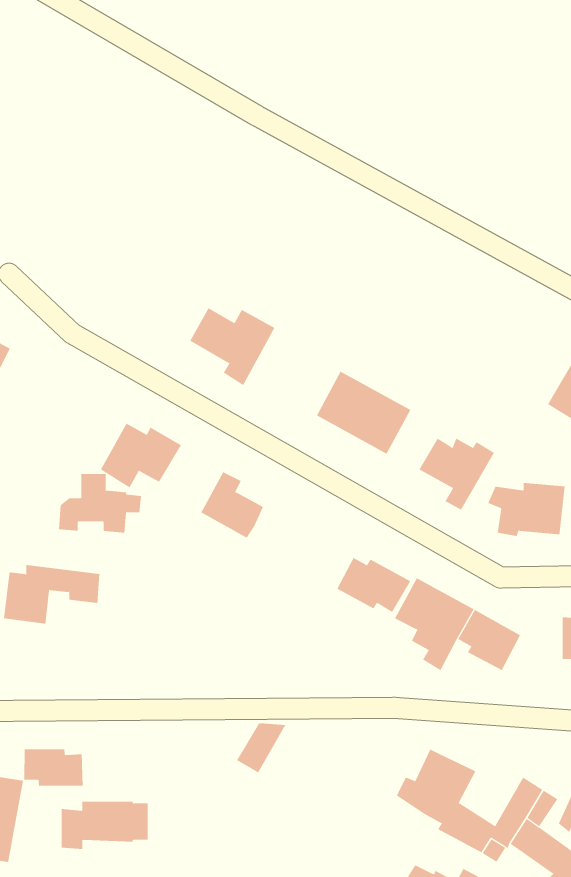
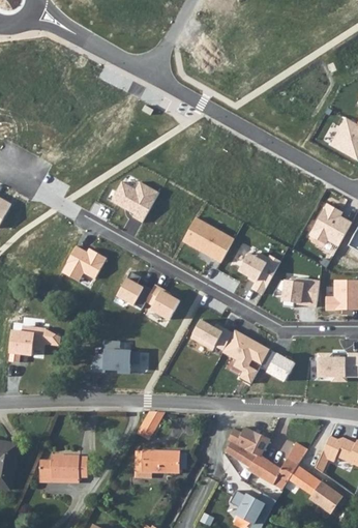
building: [58,474,142,533] -> [92,342,139,375]
building: none -> [147,285,180,320]
building: [24,748,83,786] -> none
building: none -> [136,450,179,477]

